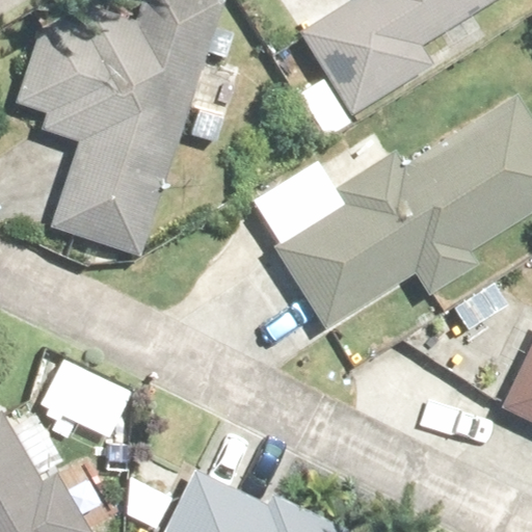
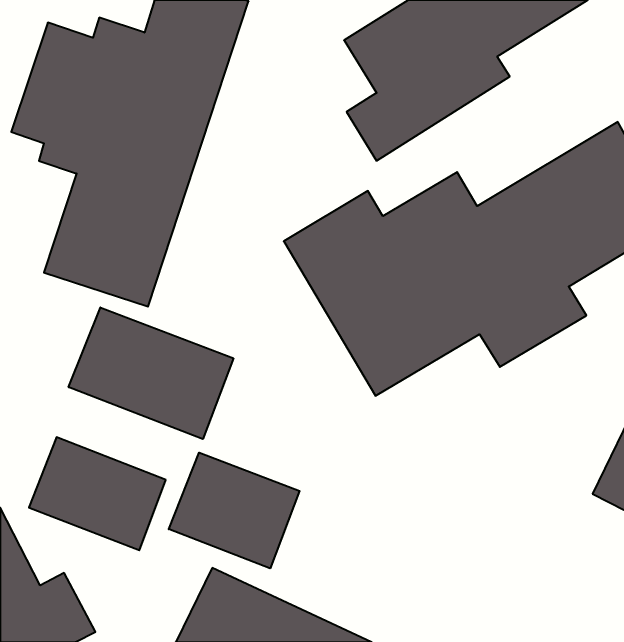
building: none -> [69,307,233,439]
building: none -> [169,453,300,568]

